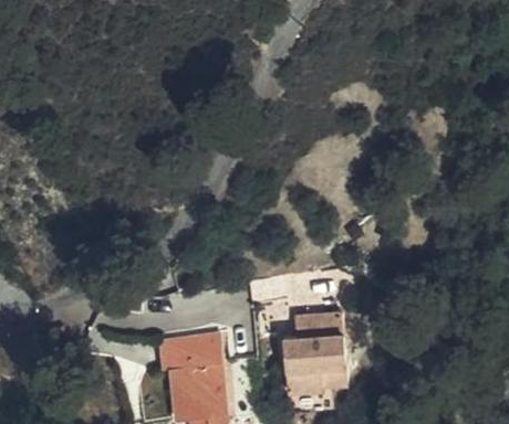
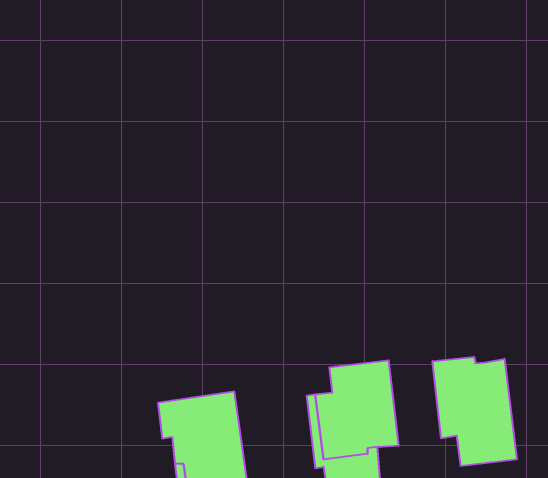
building: none -> [433,357,517,466]

